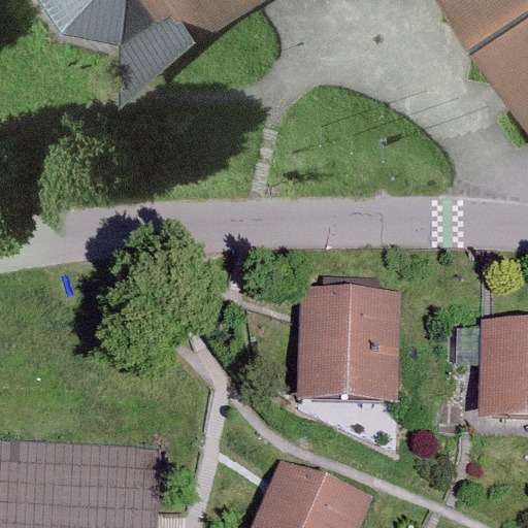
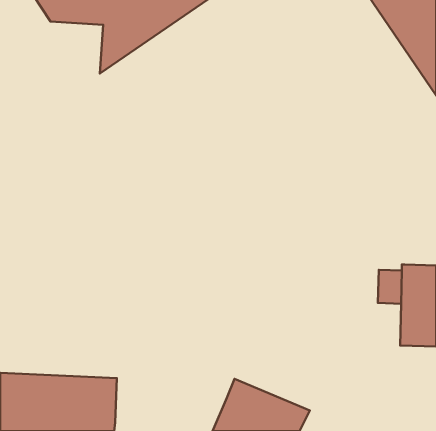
building: [301,288,403,403] -> none

